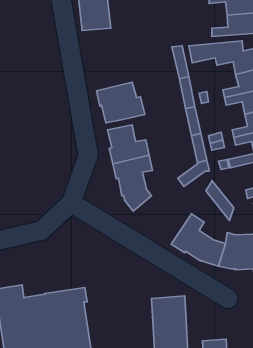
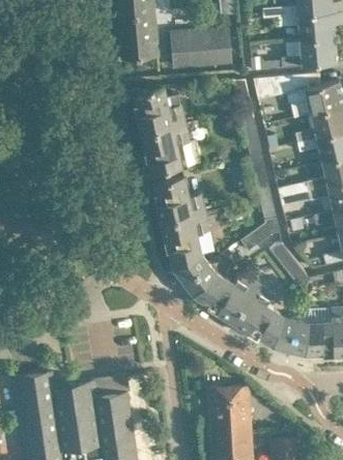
building: none -> [172,31,230,68]
building: none -> [134,88,184,136]
building: none -> [185,264,257,323]

